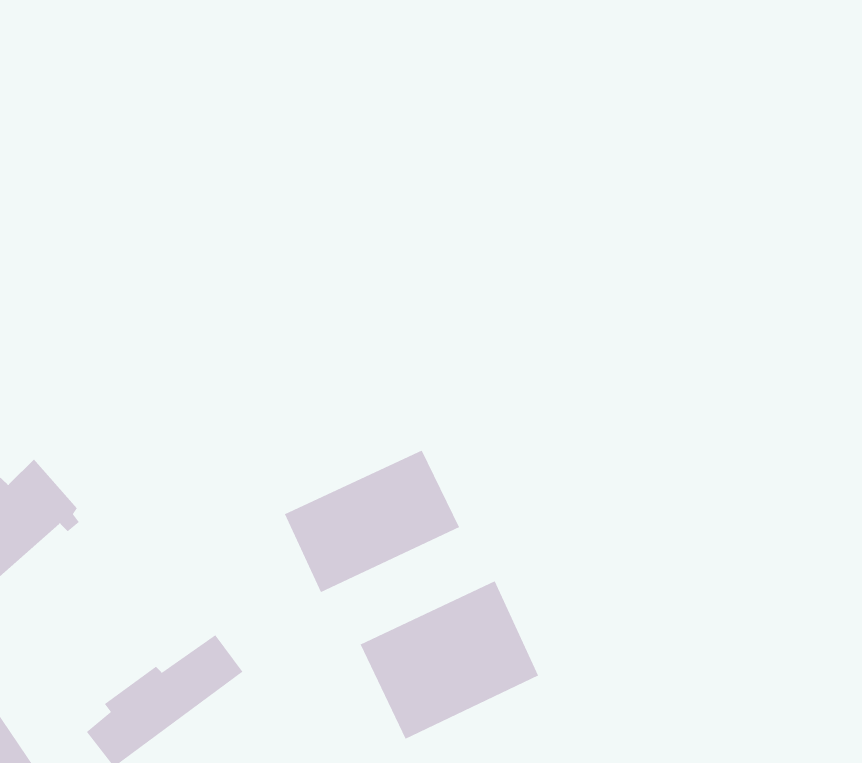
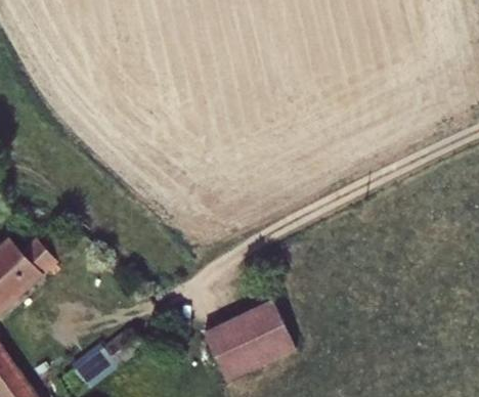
building: [284,450,460,593] -> none

